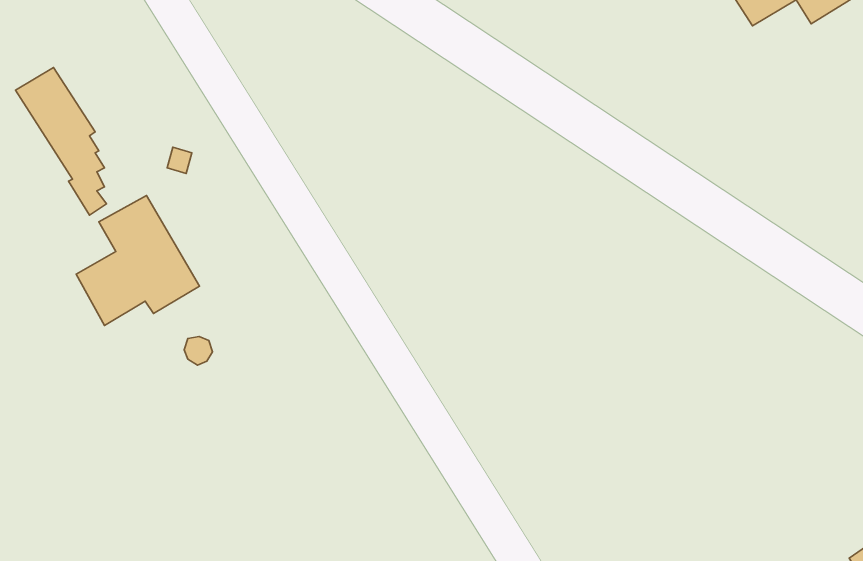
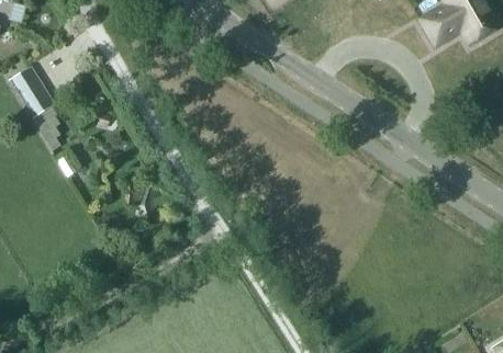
building: [76,196,199,326] -> none

